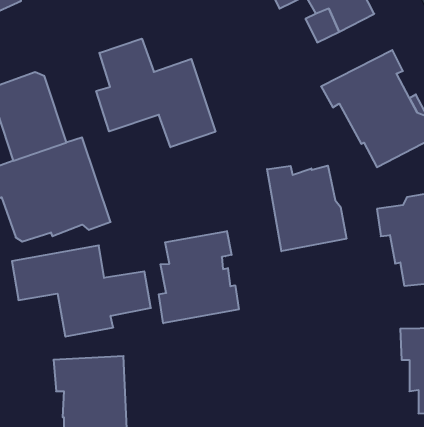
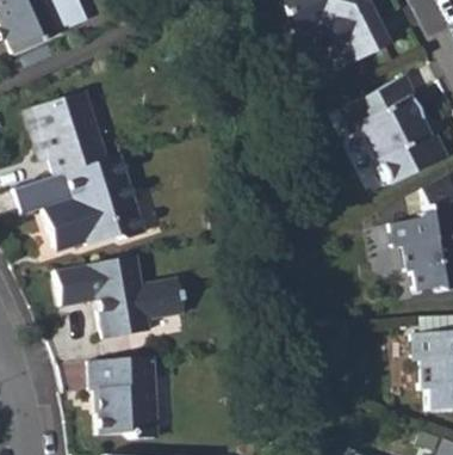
building: [96,39,215,147] -> none
building: [267,166,346,251] -> none
building: [159,231,239,323] -> none

